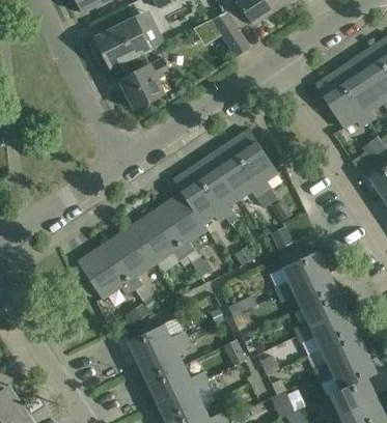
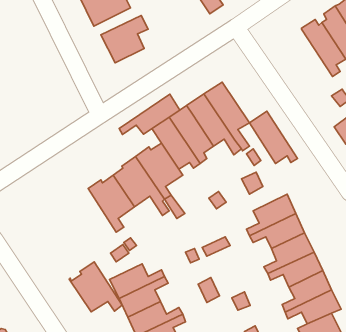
building: [315,73,367,129] -> [249,111,298,163]
building: none -> [119,94,180,134]
building: [78,244,135,298] -> [69,262,122,312]

